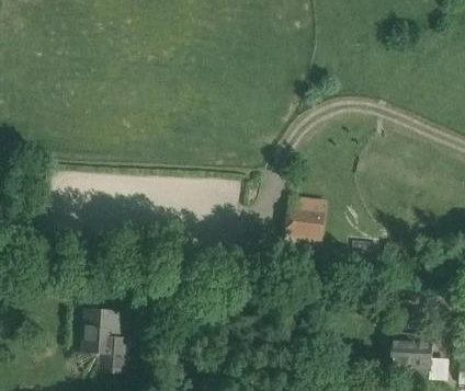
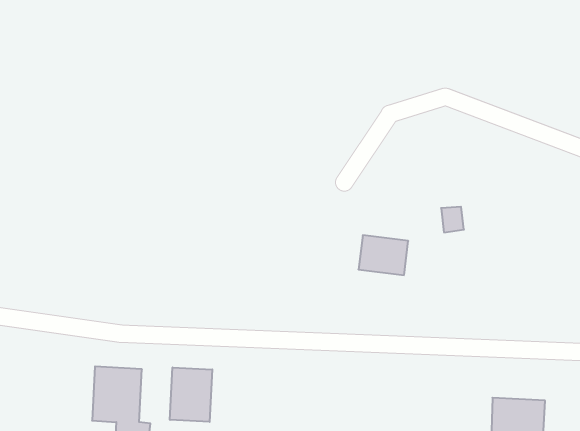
building: none -> [170,367,212,422]

